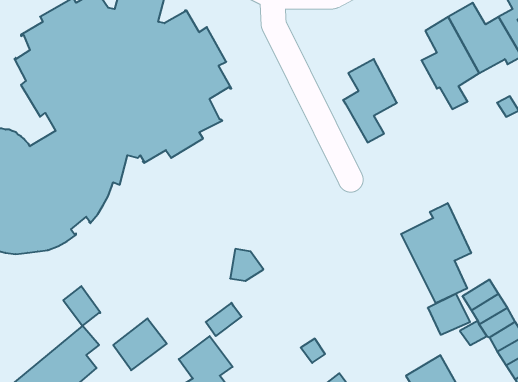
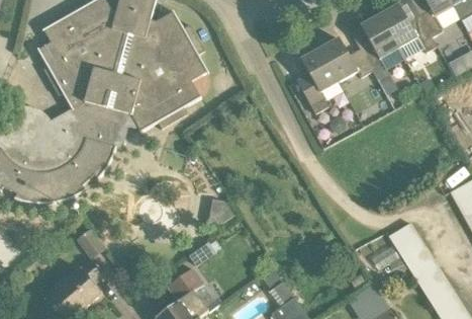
building: none -> [320,37,370,82]
building: [401,203,471,303] -> none
building: [113,318,167,370] -> none

